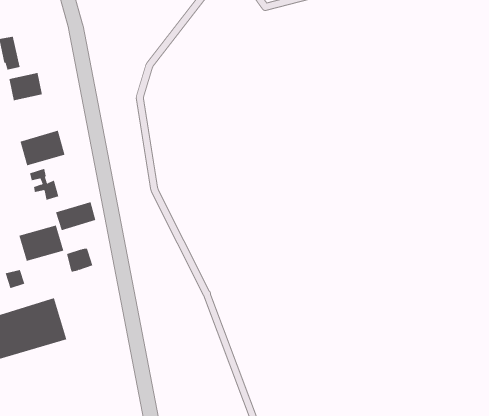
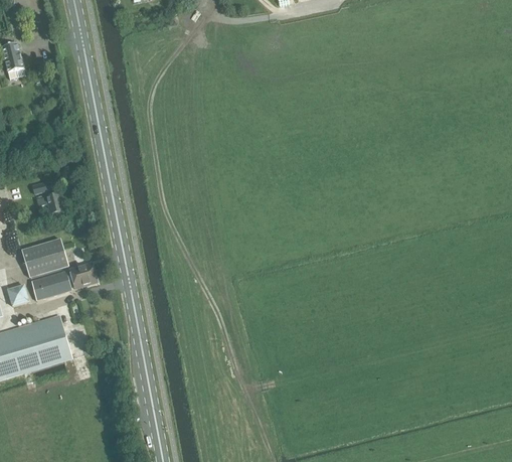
building: [9,72,42,101] -> none
building: [20,130,65,166] -> none
building: [55,202,96,231] -> [30,270,72,300]

